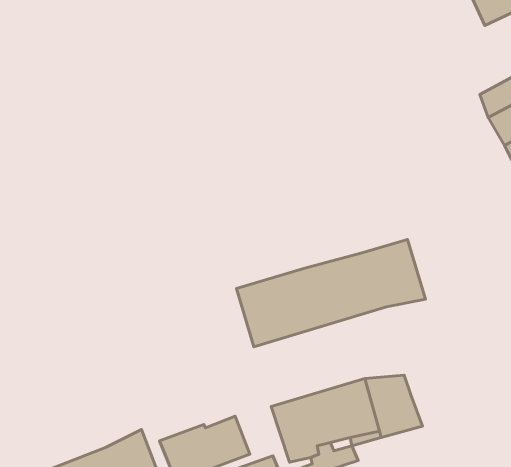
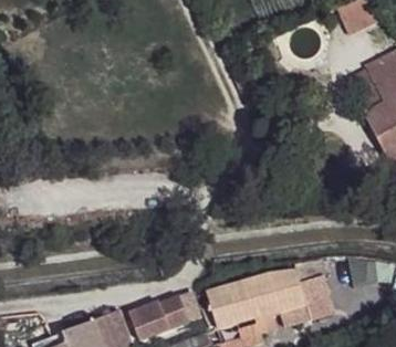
building: [237,239,426,347] -> none
building: none -> [299,273,334,318]

